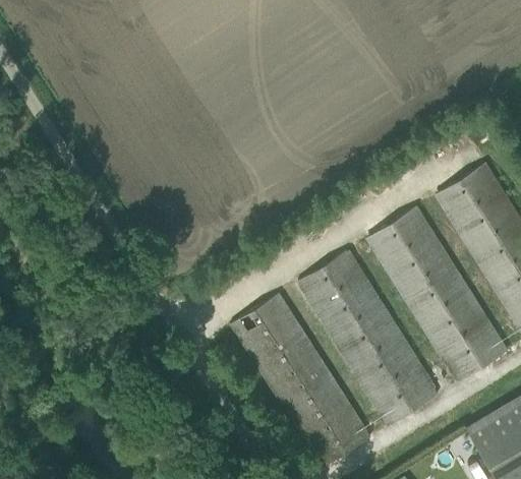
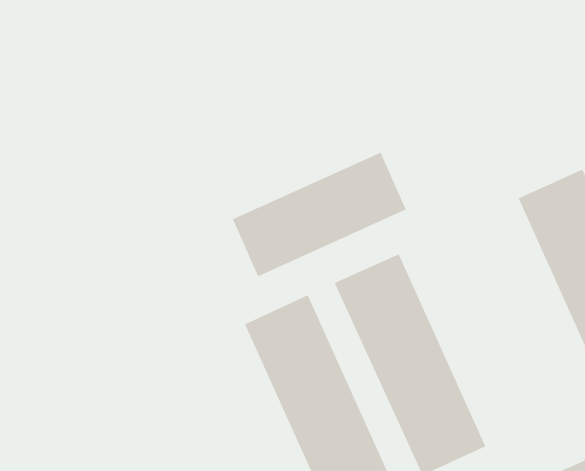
building: none -> [232,152,407,277]
building: [368,207,508,382] -> none

